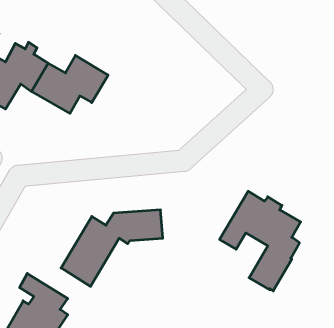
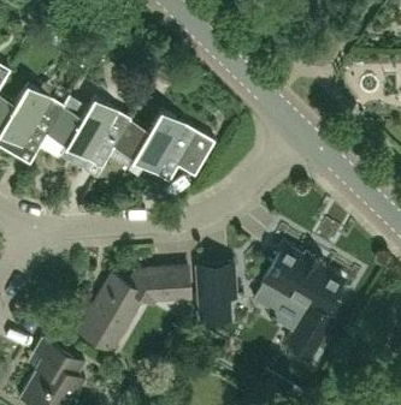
building: none -> [112,112,214,175]
building: none -> [197,264,237,318]

